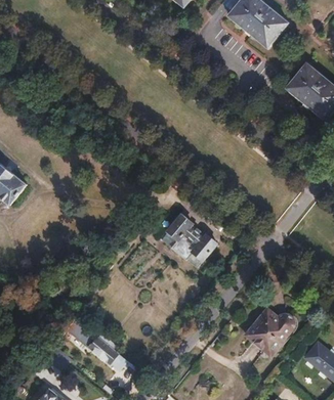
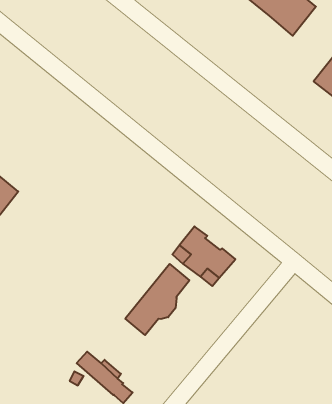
building: none -> [125,264,189,335]
building: [244,309,291,355] -> none

